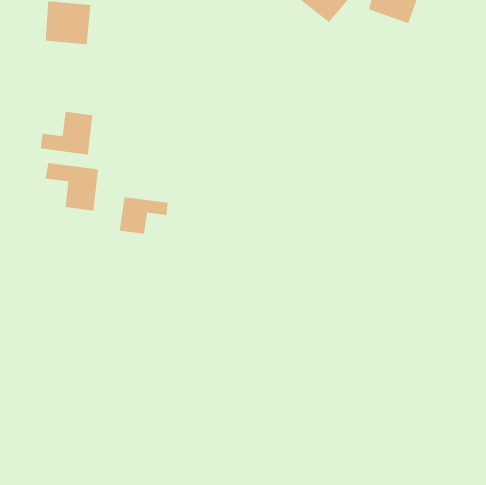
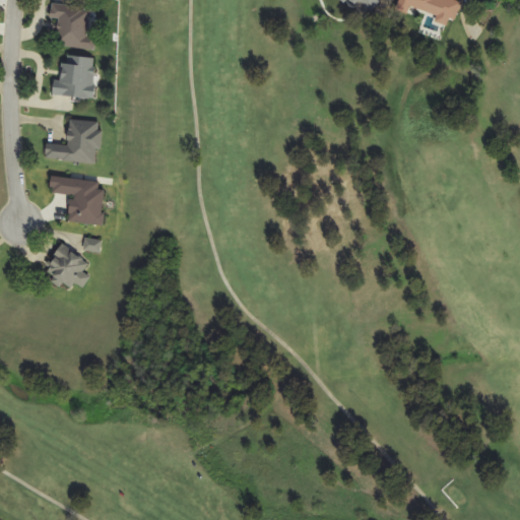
building: none -> [51,51,100,100]
building: [119,196,168,234] -> none
building: none -> [35,238,88,291]

